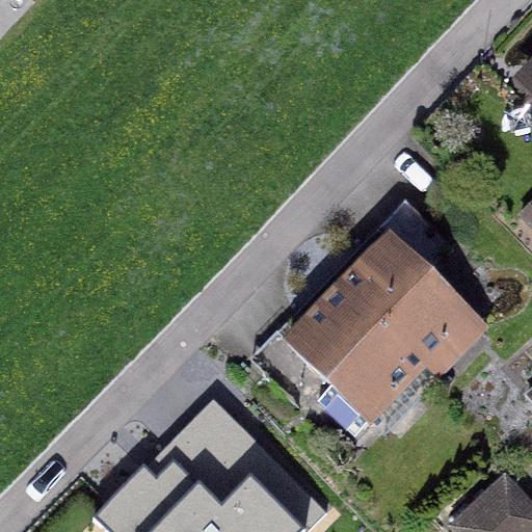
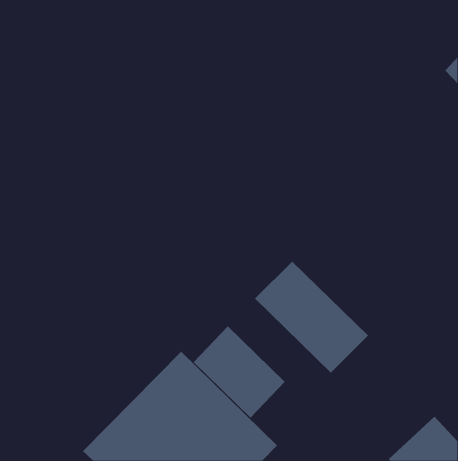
building: [337,256,469,387] -> none
building: none -> [193,326,286,419]

